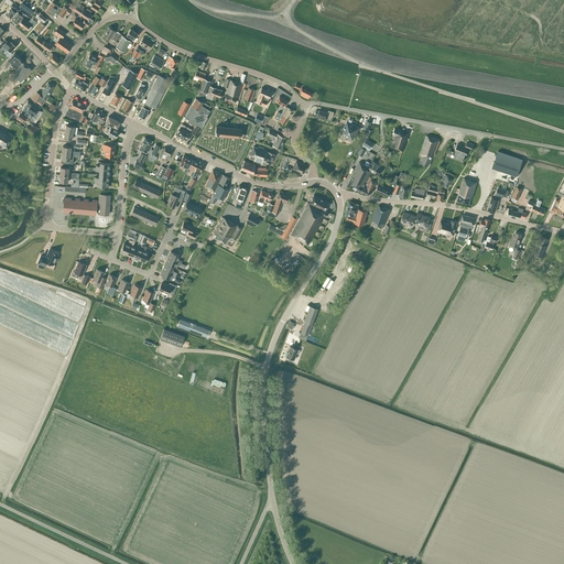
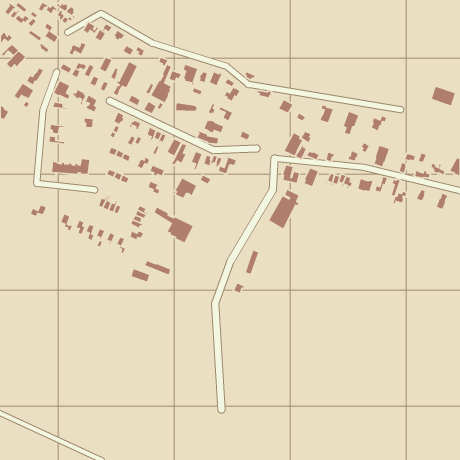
building: [491,151,522,176] -> [431,86,456,106]
building: [290,195,328,245] -> [268,189,300,229]
building: none -> [153,206,194,244]

